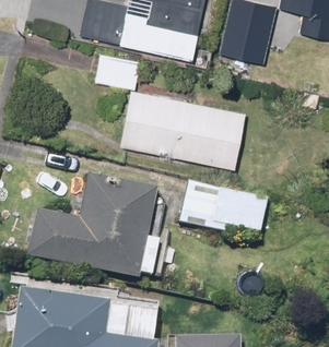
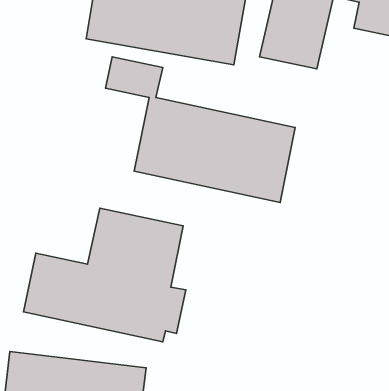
building: [177,179,269,234] -> none

